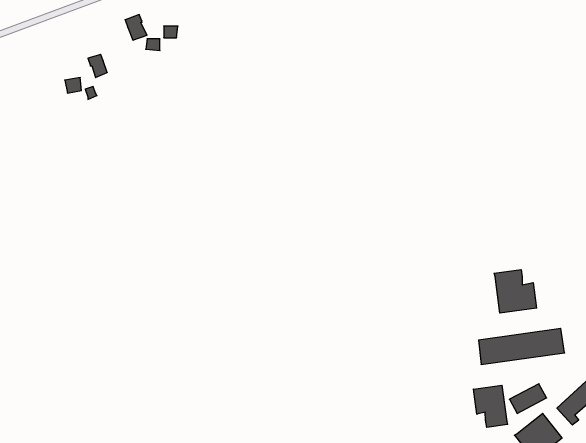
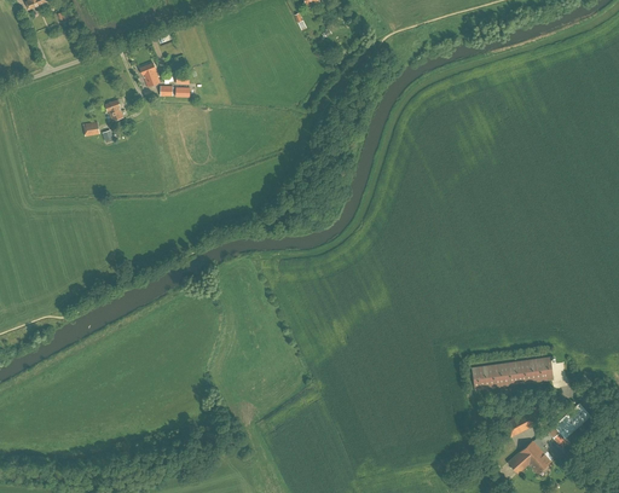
building: [494,270,537,313] -> none
building: [473,385,508,427] -> none

